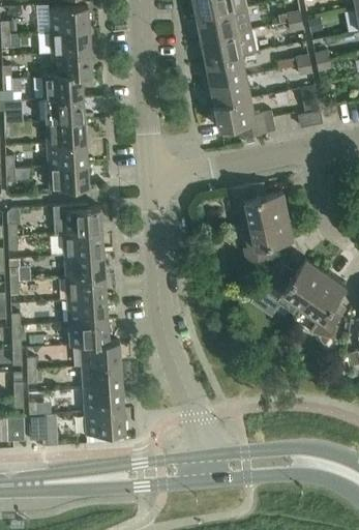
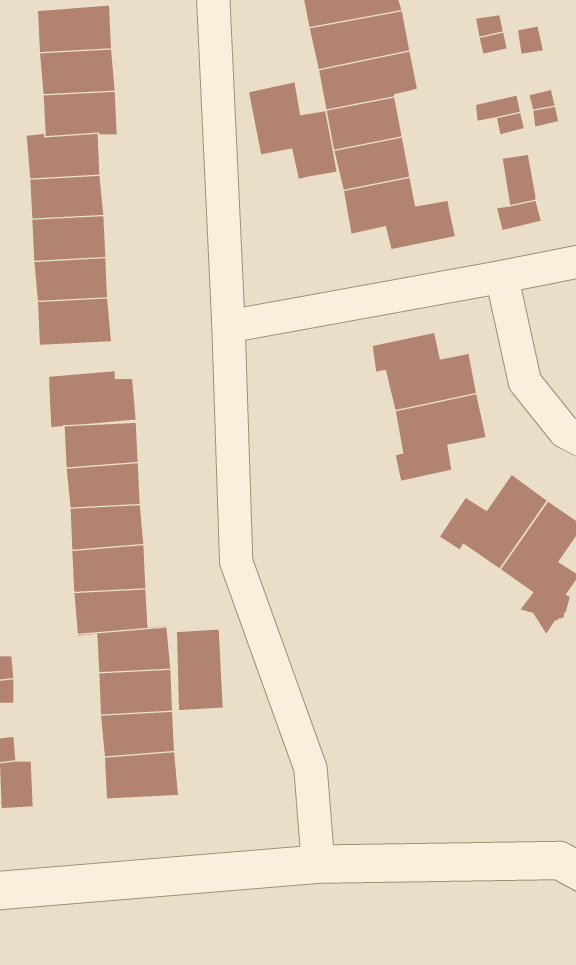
building: none -> [248,81,337,180]
building: none -> [176,629,224,711]

